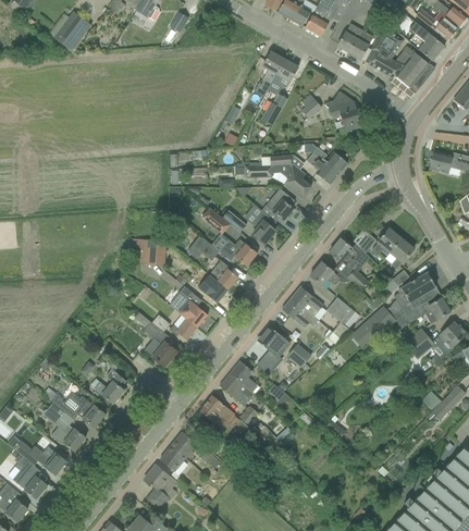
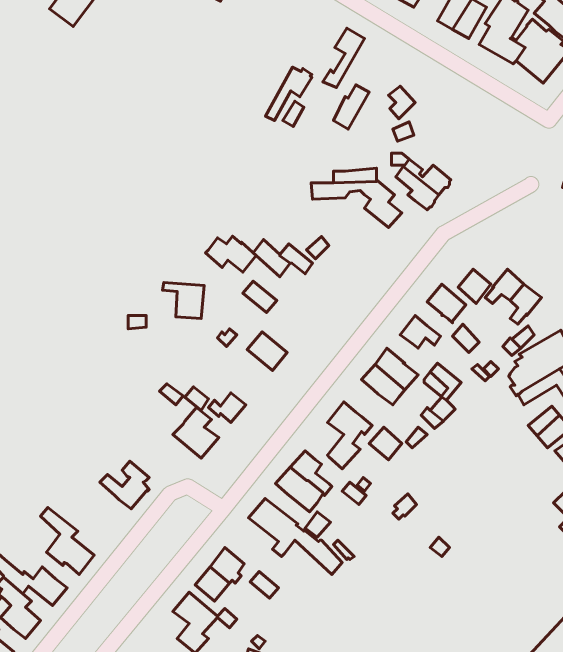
building: [264,60,298,99] -> [266,67,312,121]
building: [326,91,361,132] -> none
building: [266,189,295,221] -> none
building: [251,211,276,244] -> none
building: [220,239,257,266] -> [206,236,256,272]
building: [209,260,238,289] -> none
building: [170,292,208,328] -> none
building: [350,307,395,349] -> none
building: [51,394,104,428] -> none

